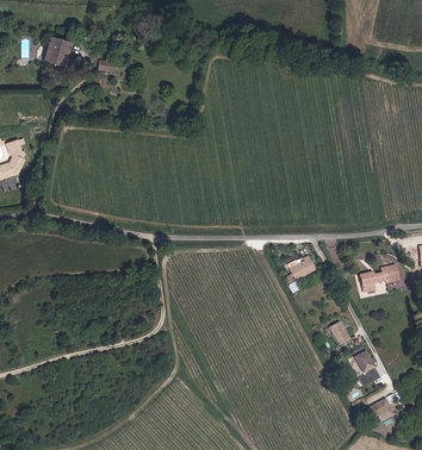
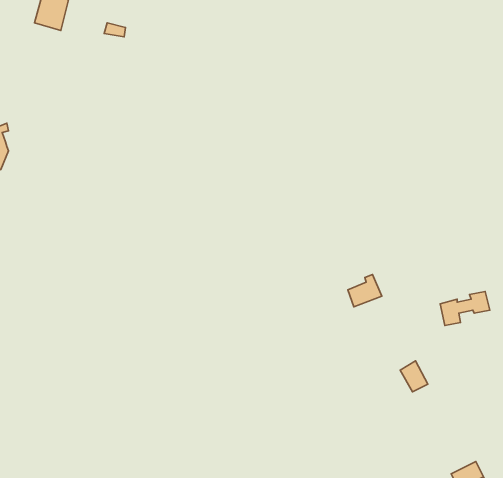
building: [354,350,380,389] -> none

